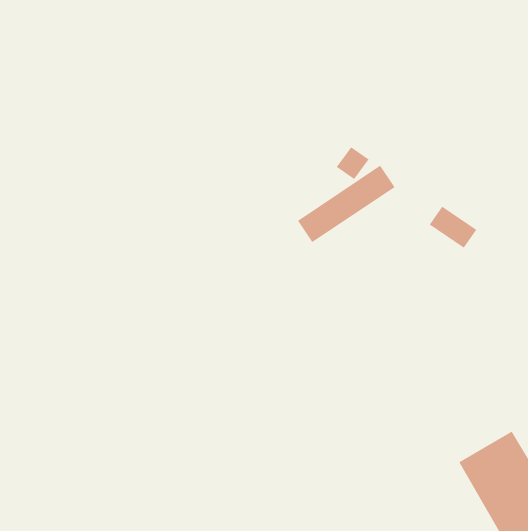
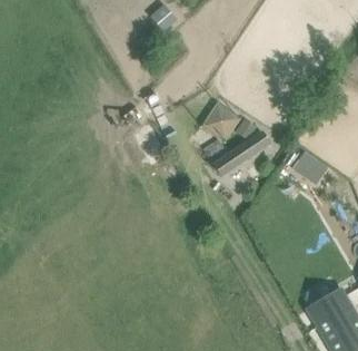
building: none -> [202,104,241,143]

